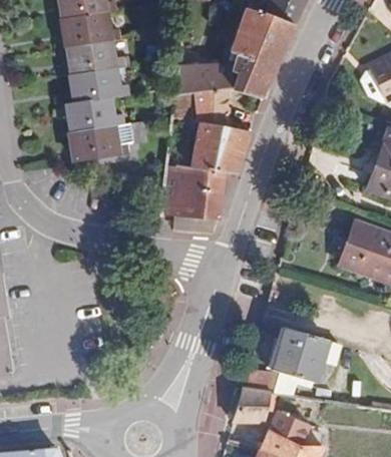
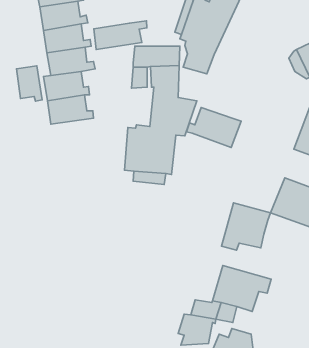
building: none -> [94,21,147,50]
building: none -> [16,66,42,101]
building: none -> [187,107,241,147]
building: none -> [221,203,270,250]

